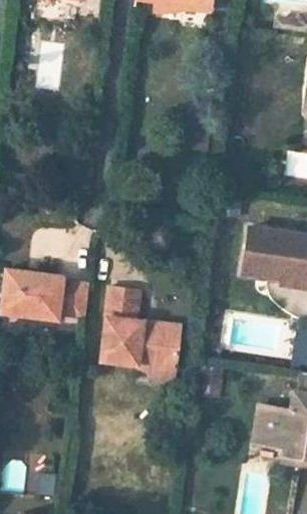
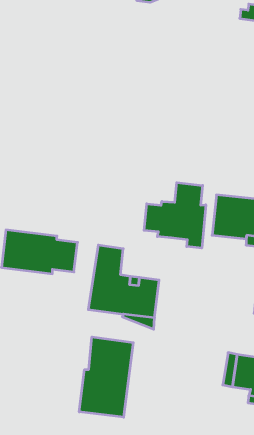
building: none -> [144,183,206,248]
building: none -> [79,337,133,417]

